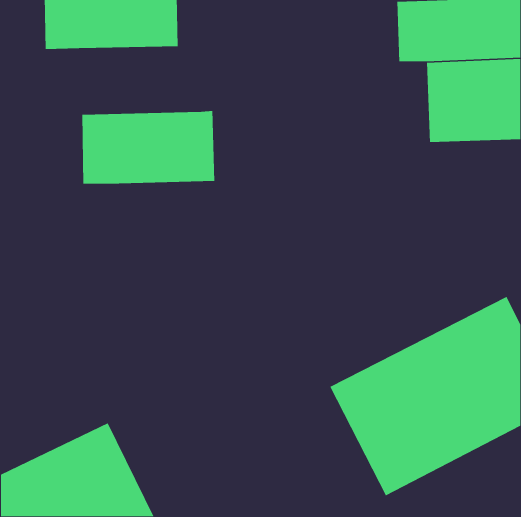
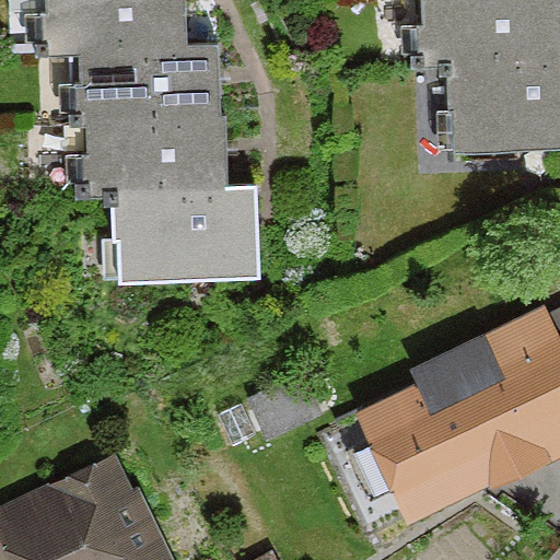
building: none -> [85,49,215,122]
building: none -> [115,195,254,278]

